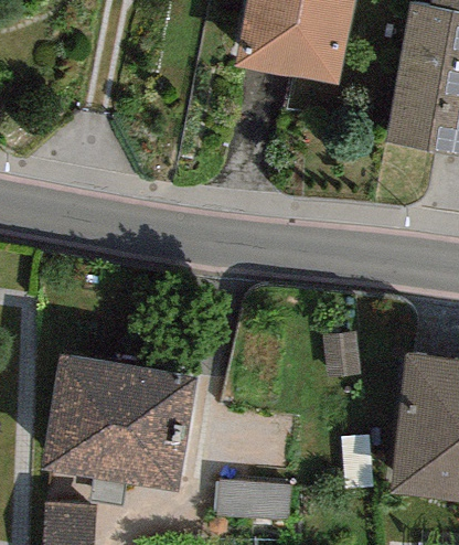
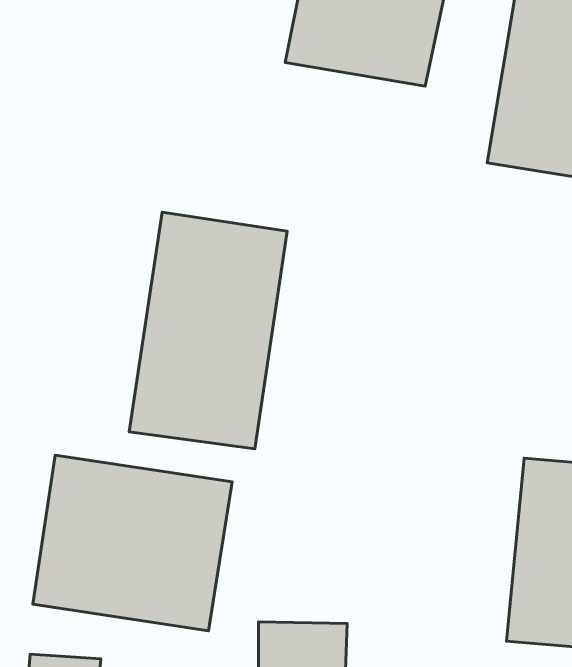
building: none -> [129,212,287,449]

